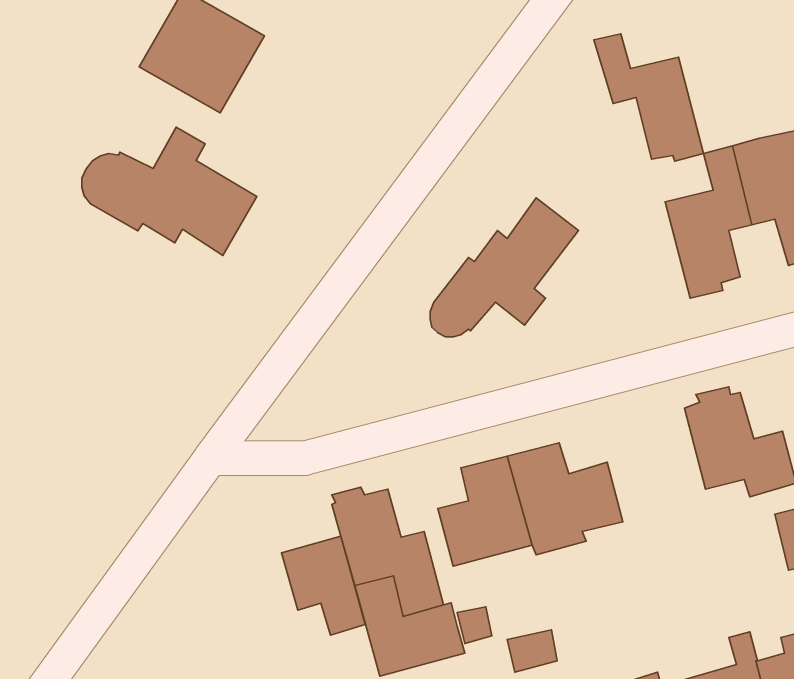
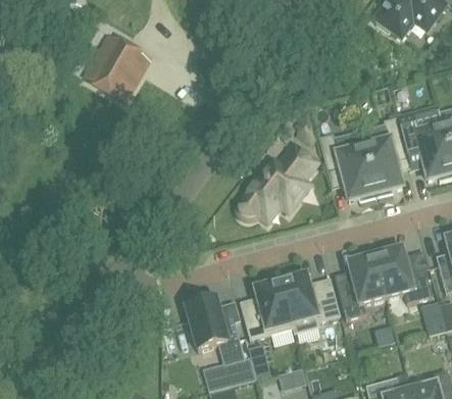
building: [594,34,704,161] -> [317,132,375,199]
building: [82,127,257,255] -> none
building: none -> [335,249,384,316]
building: [281,536,365,635] -> none

